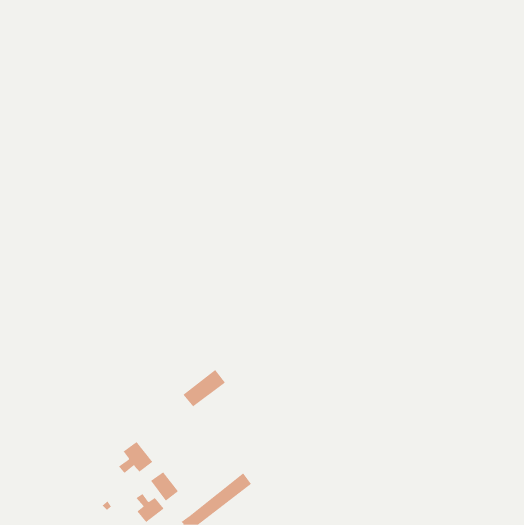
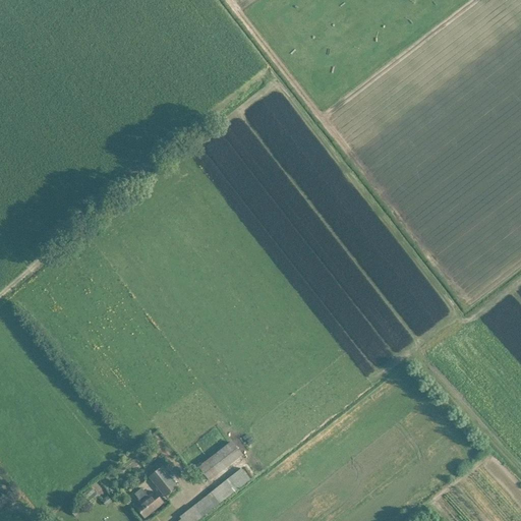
building: [183,369,226,407] -> [198,442,241,479]
building: [118,441,153,474] -> none

